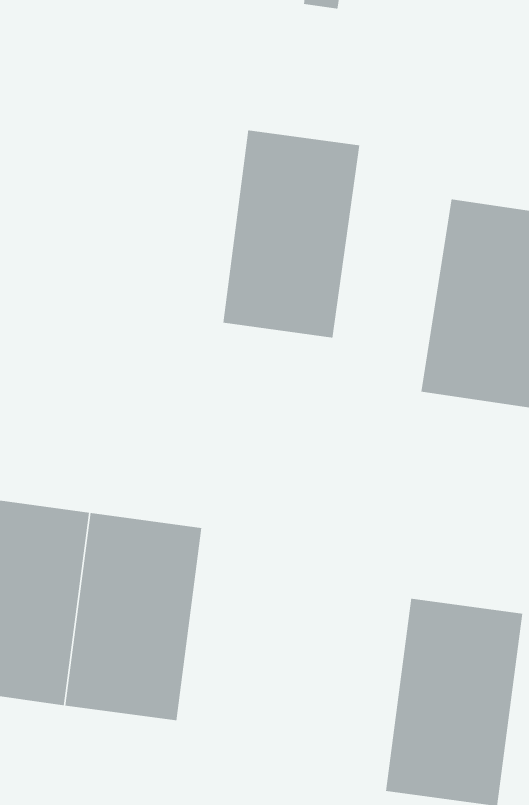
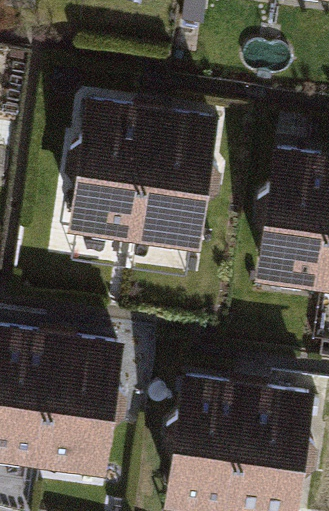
building: none -> [69,97,151,221]
building: none -> [166,376,248,500]

